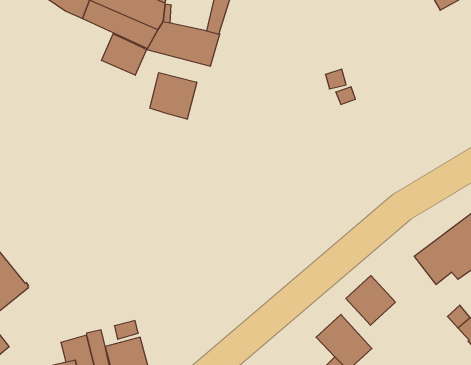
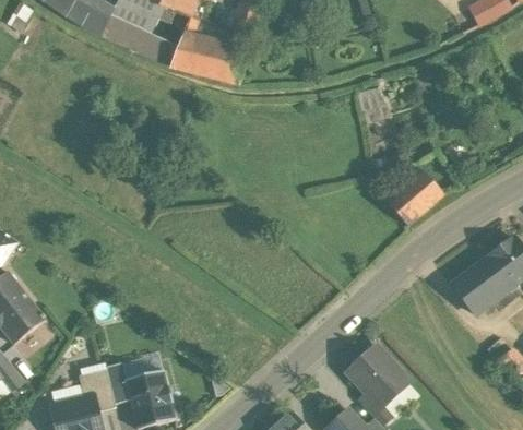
building: [101,34,147,75] -> none
building: [150,73,197,119] -> none
building: none -> [384,168,441,224]
building: [346,276,395,325] -> none

